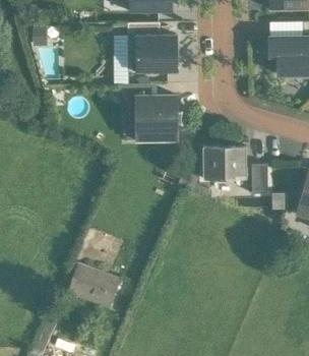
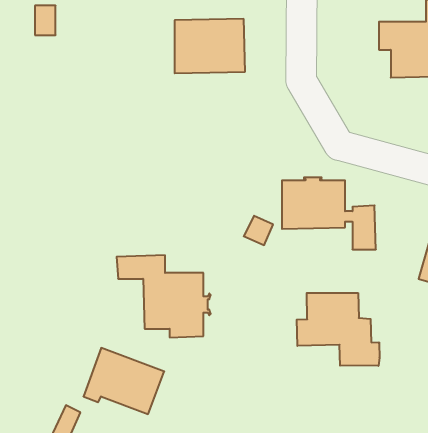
building: [117,83,182,140] -> [117,255,211,337]
building: none -> [297,293,379,366]

